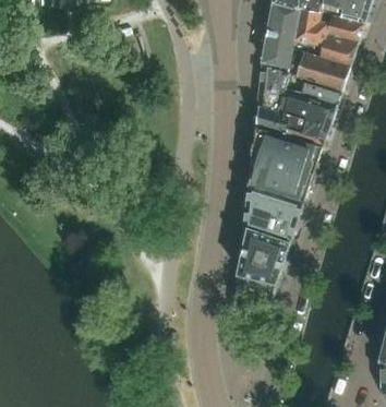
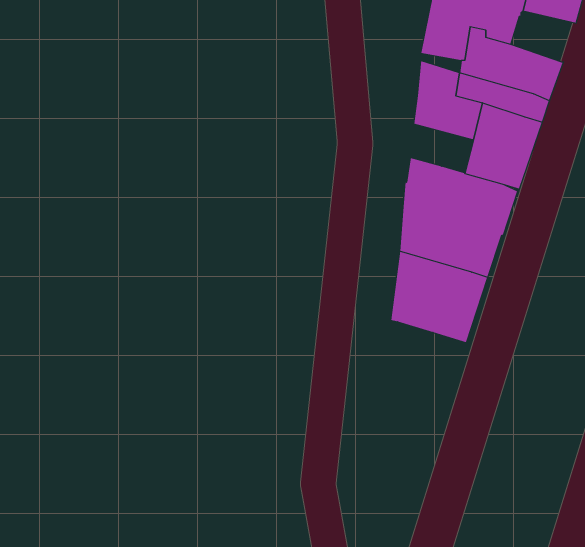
building: [317,36,357,67] -> none
building: [255,105,294,135] -> none
building: [233,227,290,315] -> none

